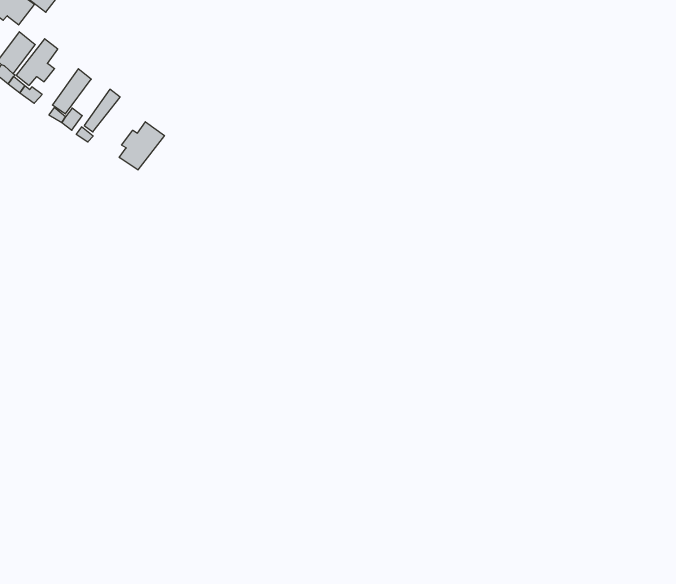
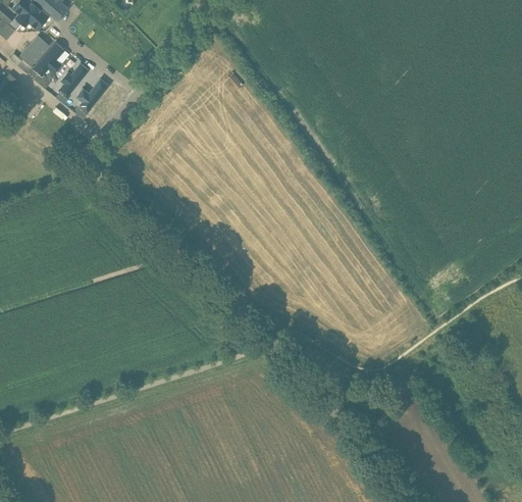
building: [119,122,164,170] -> none

